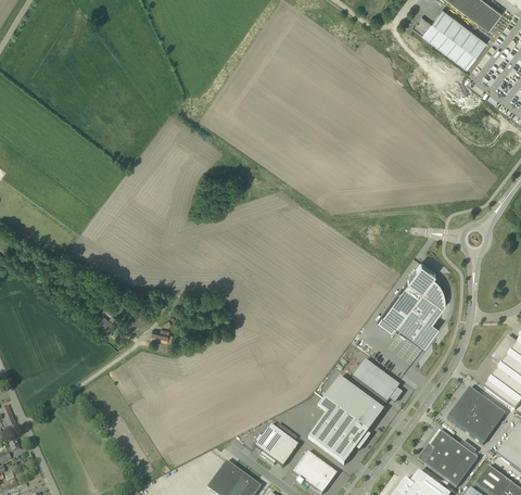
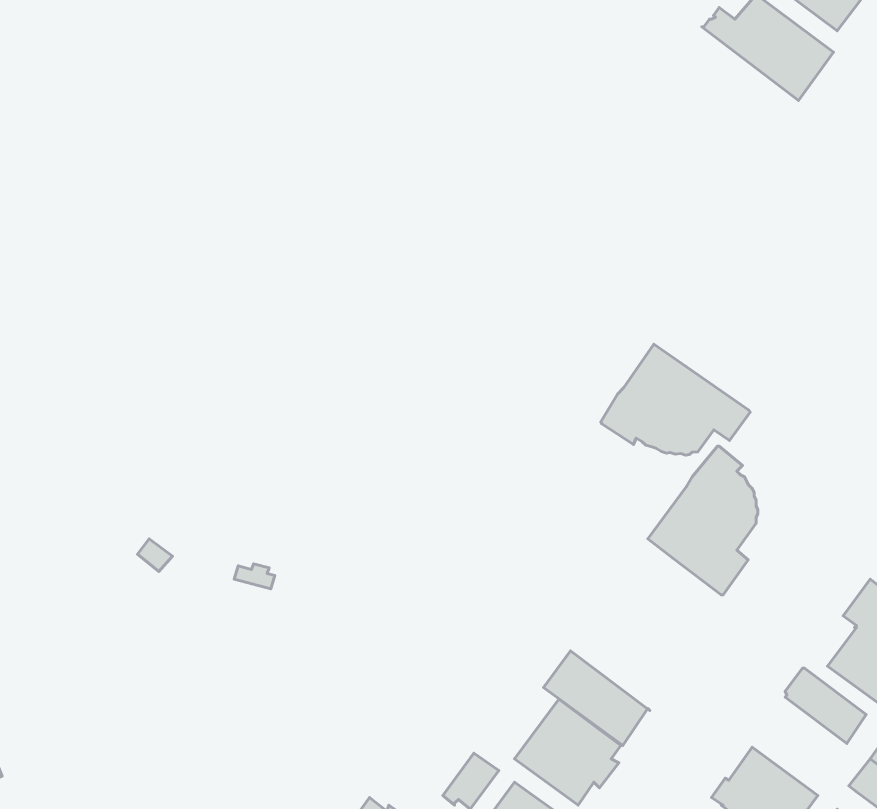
building: none -> [601,344,750,455]
building: [352,360,401,404] -> none
building: [447,404,494,445] -> none
building: [254,424,284,459] -> none

